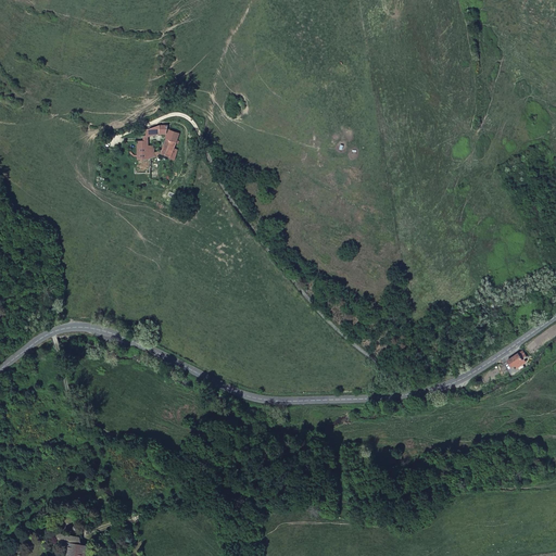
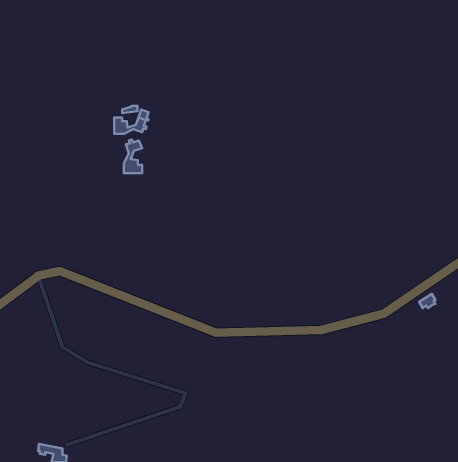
building: none -> [124,140,142,173]

